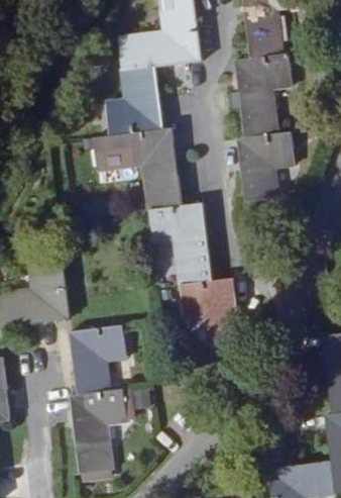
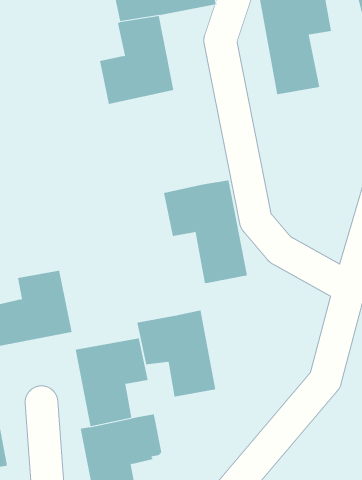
building: [92,128,181,210] -> none
building: [236,131,296,202] -> none
building: [180,278,240,346] -> [136,310,216,397]

